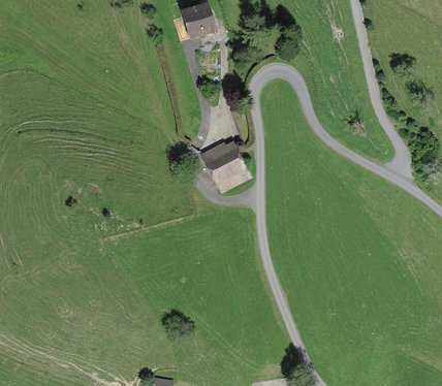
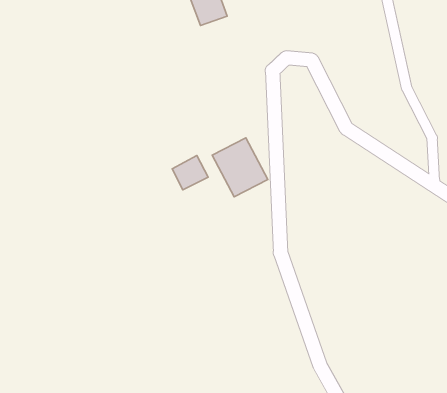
building: none -> [172,156,208,190]

